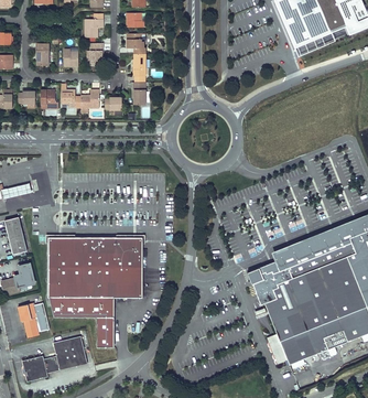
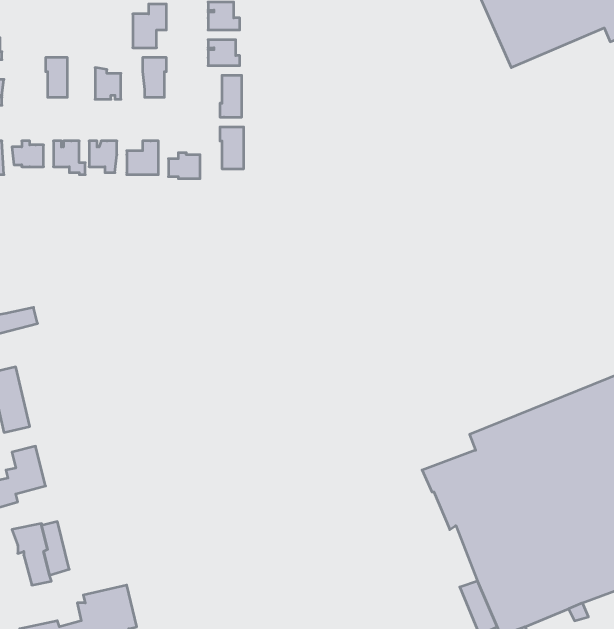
building: [45,235,144,347] -> none

